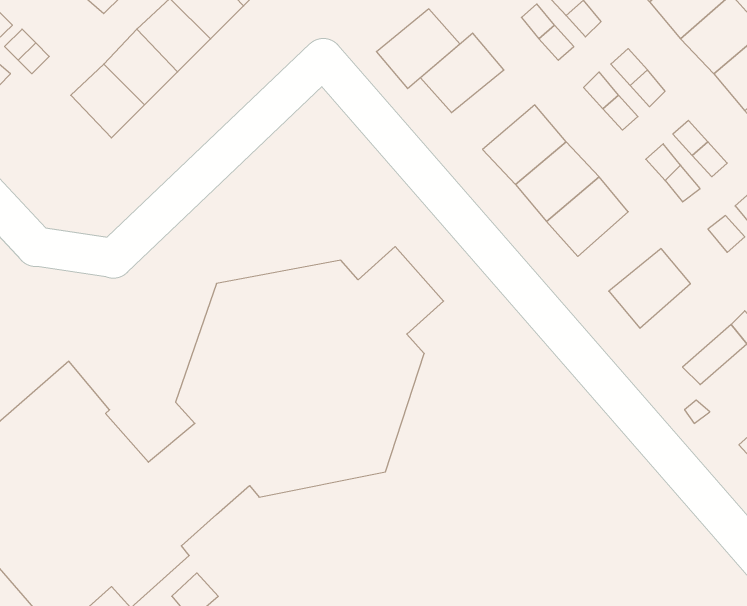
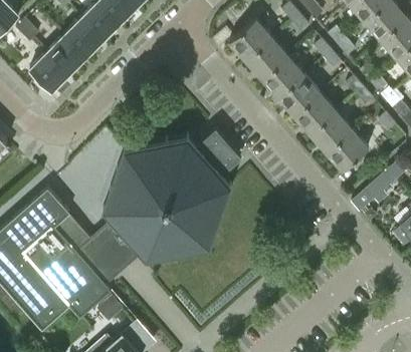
building: [376,9,460,89] -> [245,38,288,79]
building: none -> [31,51,69,90]
building: none -> [311,111,354,152]

